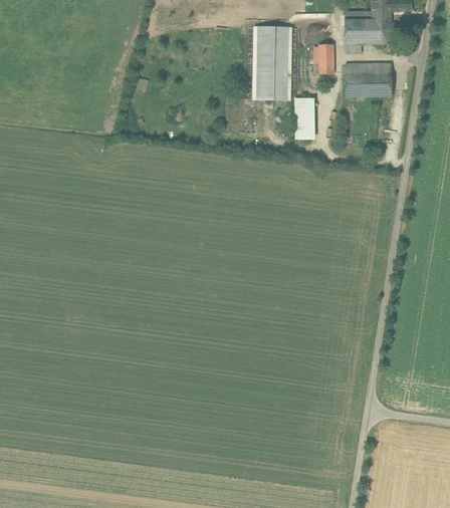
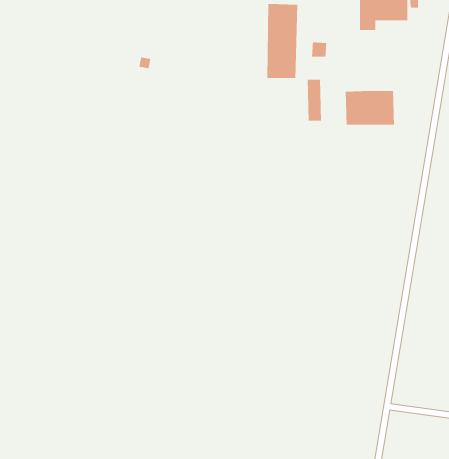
building: [318,43,332,73] -> none
building: [345,62,392,95] -> [345,90,395,125]

